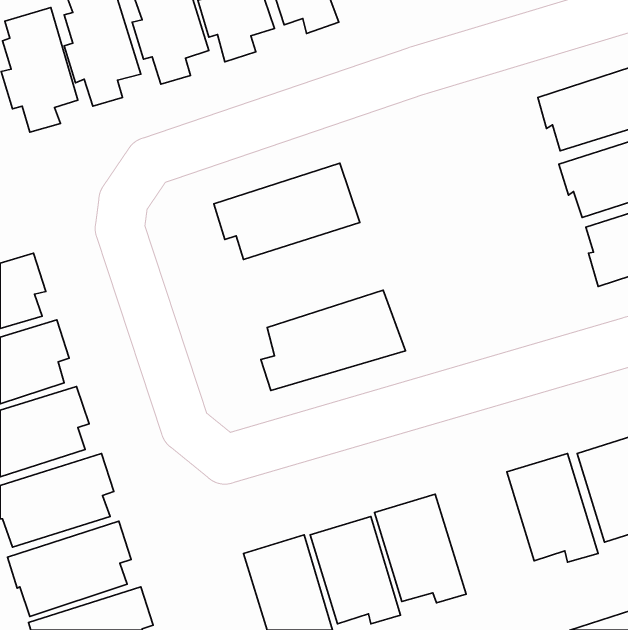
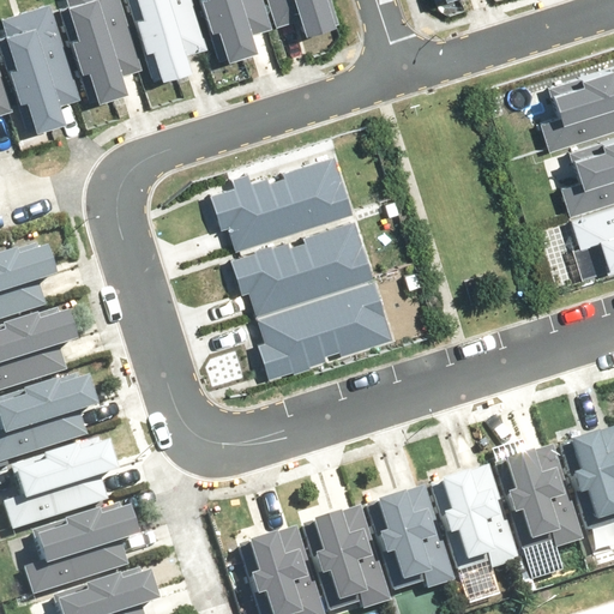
building: none -> [234,224,375,318]
building: none -> [433,460,520,566]

